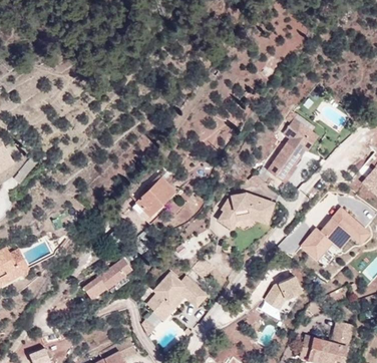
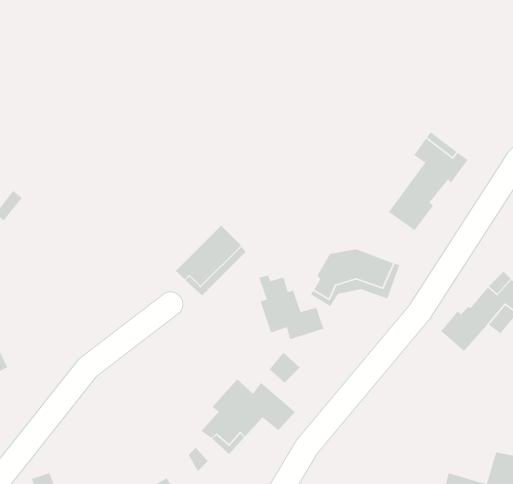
building: none -> [258,275,325,340]
building: [83,257,132,298] -> none
building: [265,273,305,306] -> none

